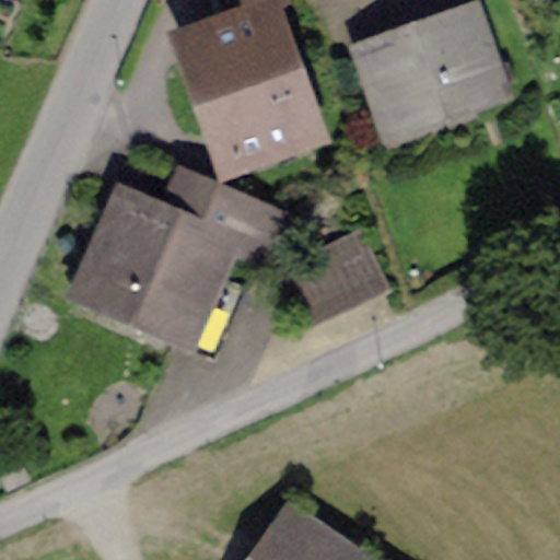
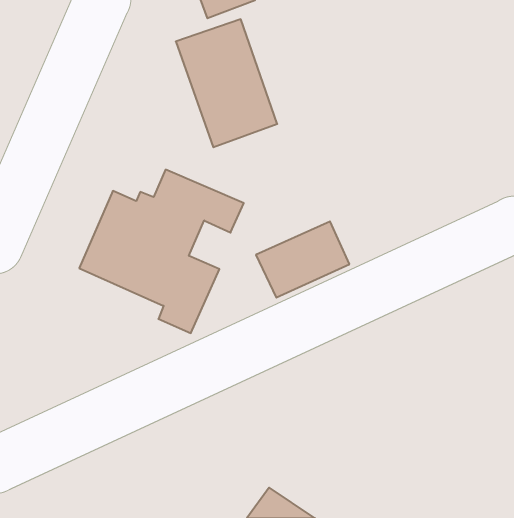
building: [363,22,489,124] -> none

